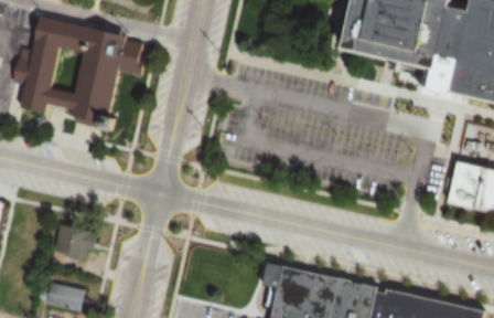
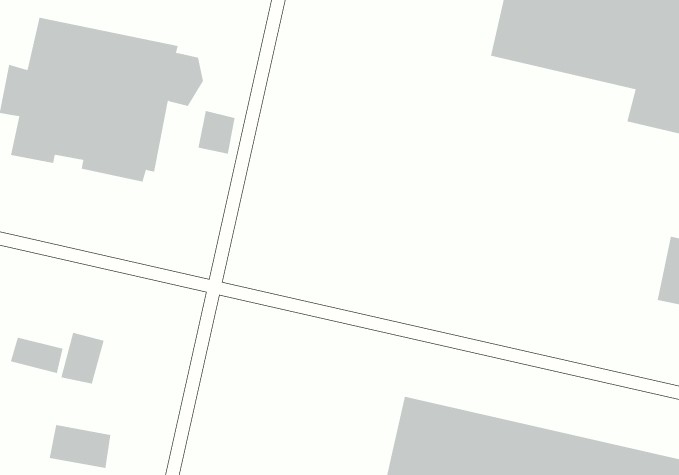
building: none -> [198,110,235,154]
building: none -> [10,337,63,374]

